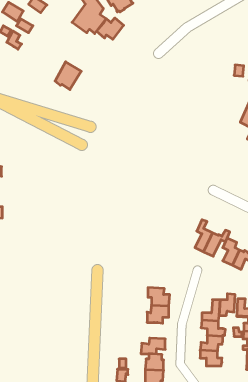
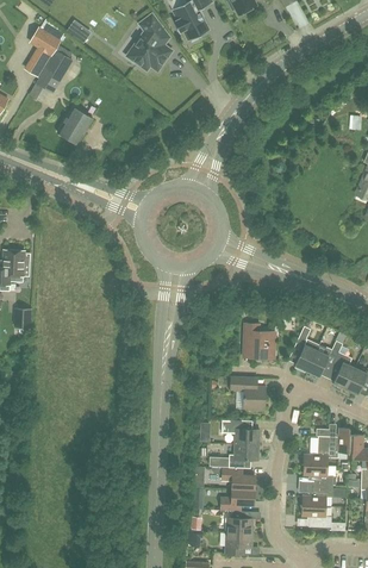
building: [97,18,124,39] -> none
building: [55,62,81,90] -> [57,106,93,144]
building: none -> [243,323,274,357]
building: none -> [230,375,266,411]
building: none -> [222,466,255,489]

